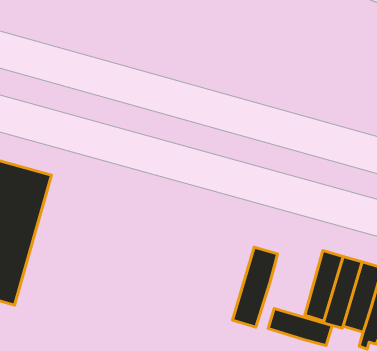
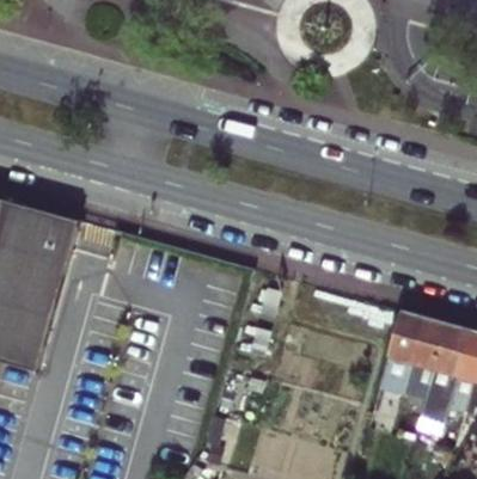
building: [232,247,278,327] -> none
building: [268,308,332,346] -> none

